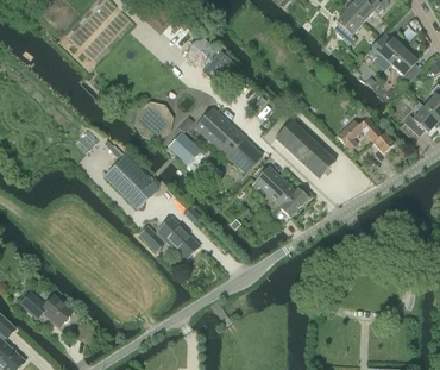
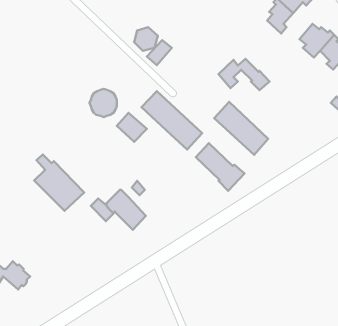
building: [337,117,392,151] -> [218,59,269,90]
building: [103,145,158,207] -> [34,155,84,211]

